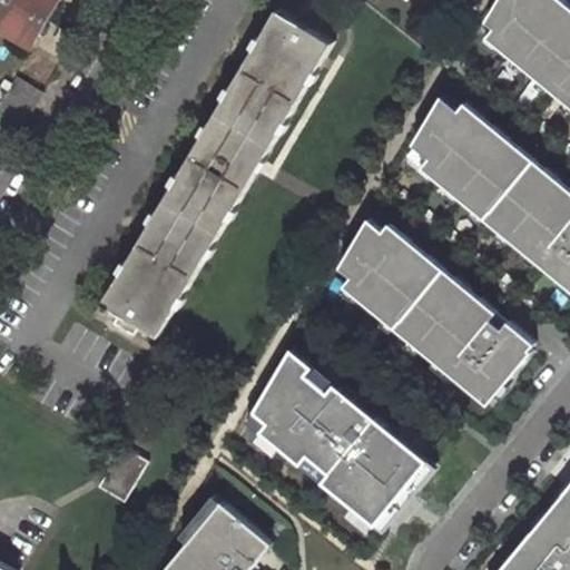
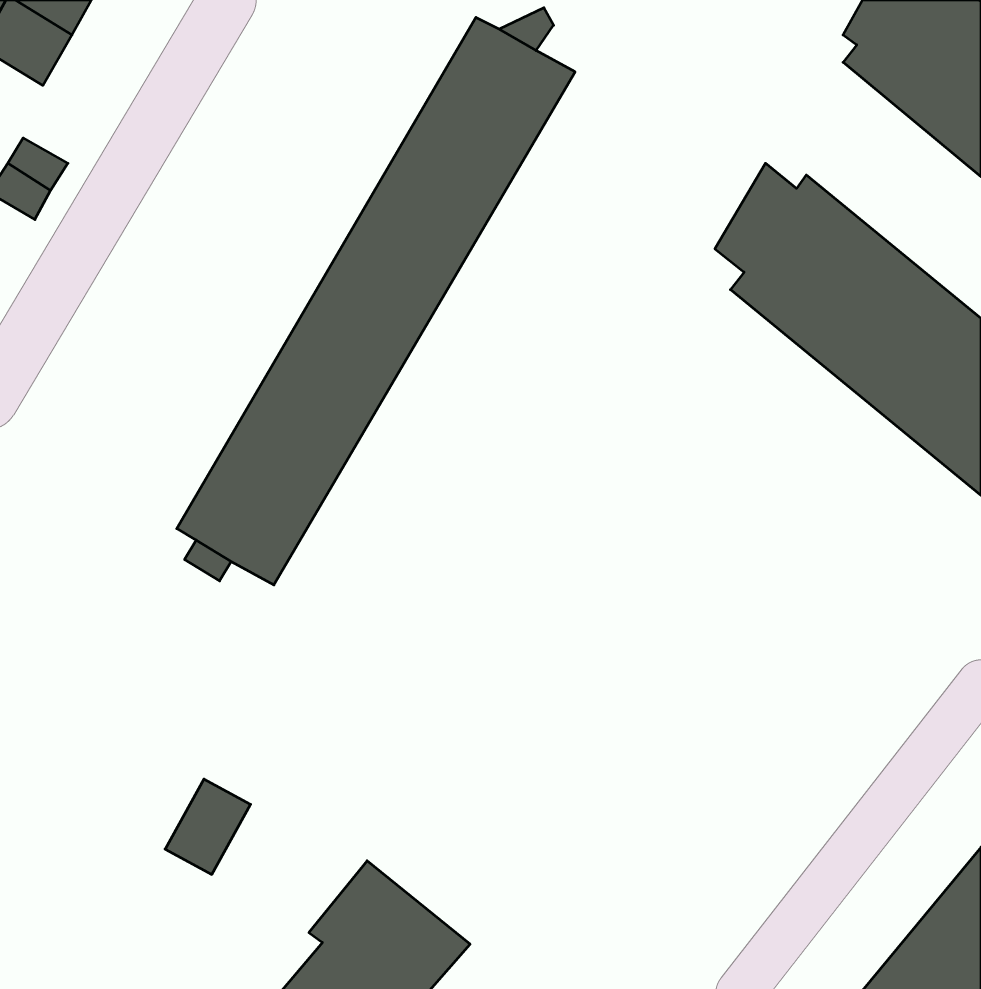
building: [336,218,532,405] -> none
building: [253,347,429,527] -> none

